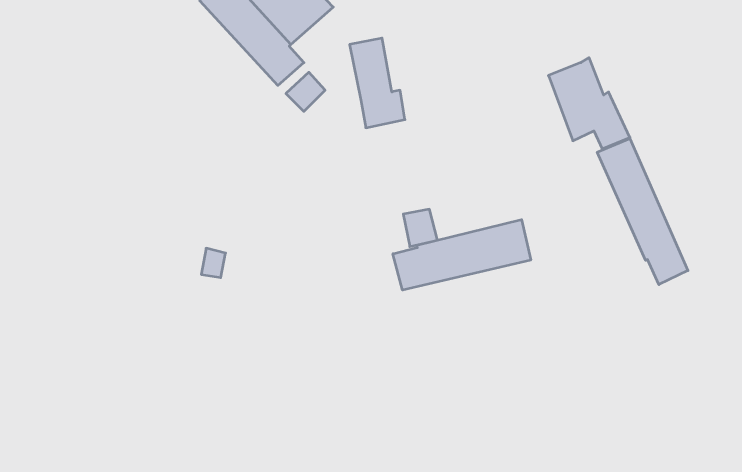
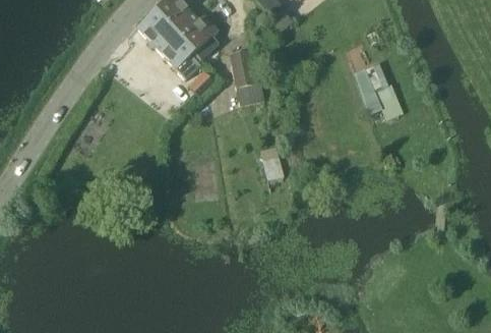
building: [597,139,688,285] -> none
building: [393,220,531,290] -> none

